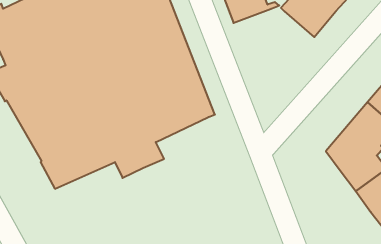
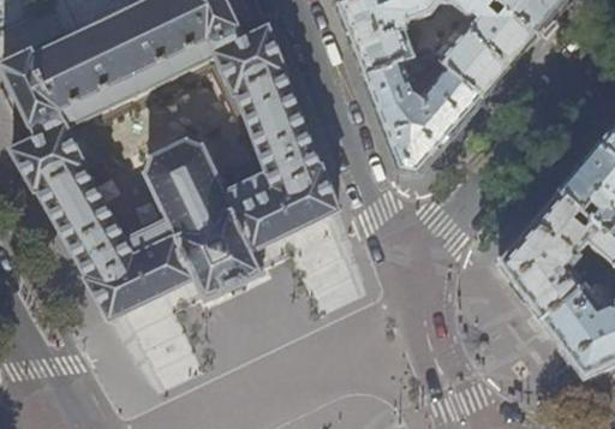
building: none -> [365,54,482,168]

